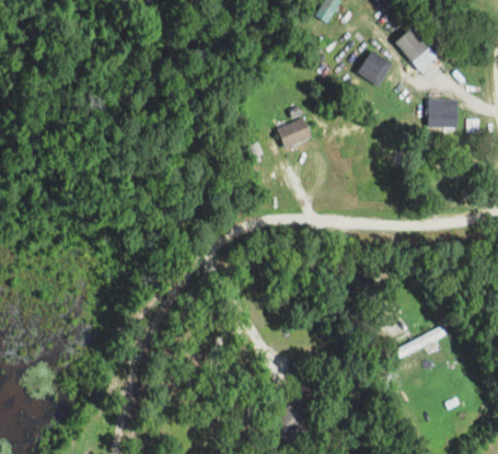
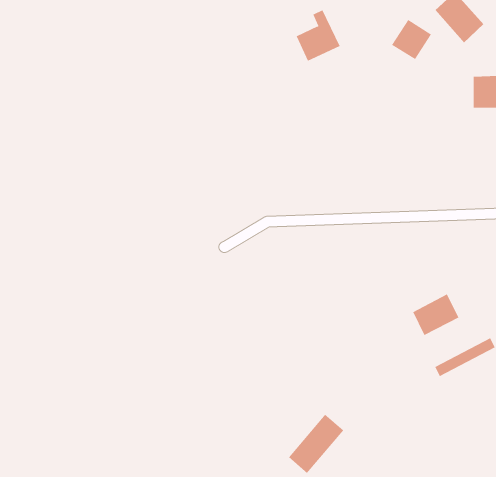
building: [275,105,313,150] -> [296,9,341,62]
building: none -> [412,294,459,336]

